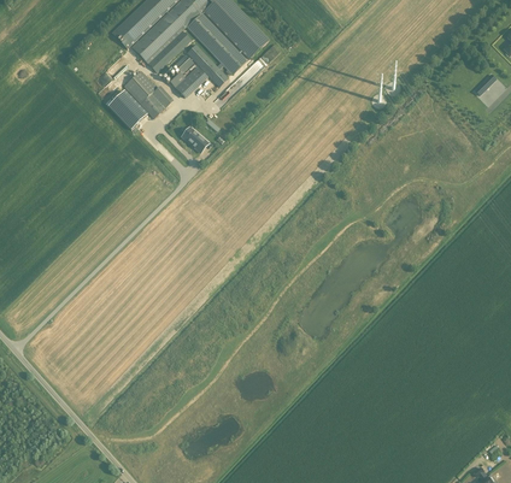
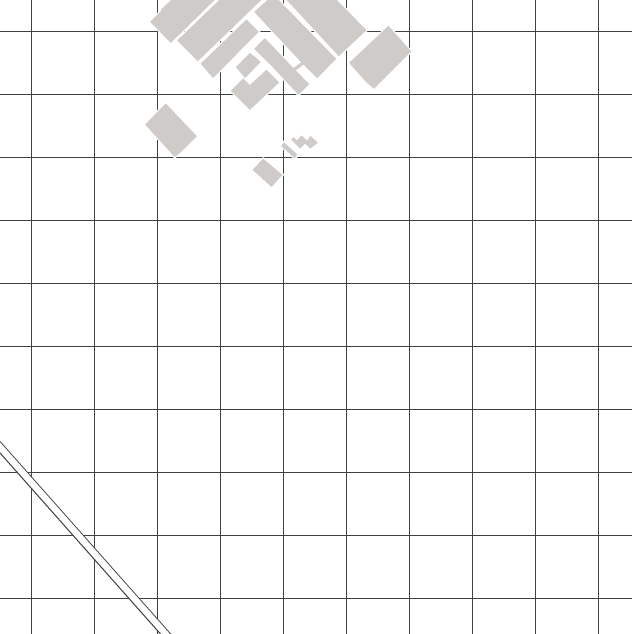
building: none -> [348,25,412,90]
building: [123,70,172,118] -> none

